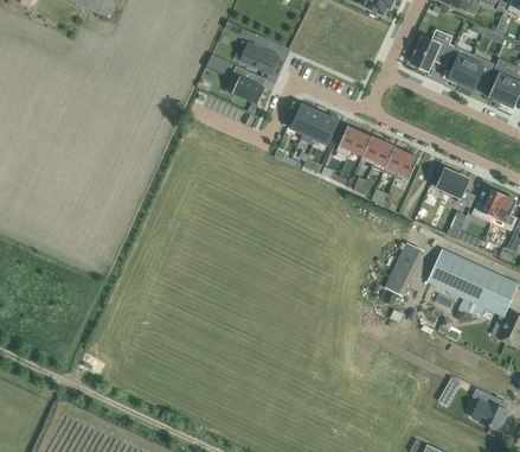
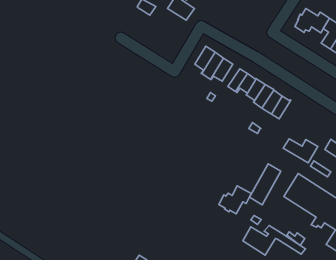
building: [230,65,265,104] -> none
building: [437,168,475,206] -> none
building: none -> [219,186,251,214]
building: none -> [243,225,305,255]

